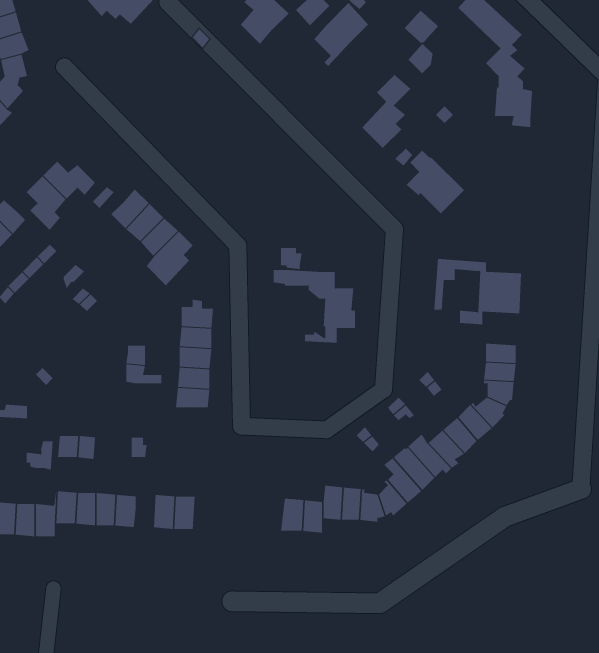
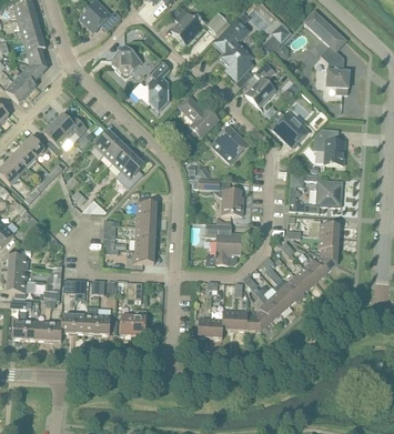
building: none -> [224,42,253,73]
building: none -> [111,47,140,74]
building: none -> [142,60,170,110]
building: none -> [179,94,218,138]
building: none -> [215,125,247,158]
building: none -> [314,129,344,164]
building: none -> [205,222,241,264]

